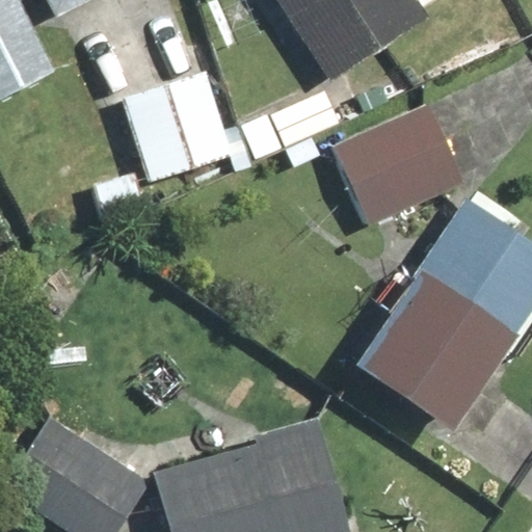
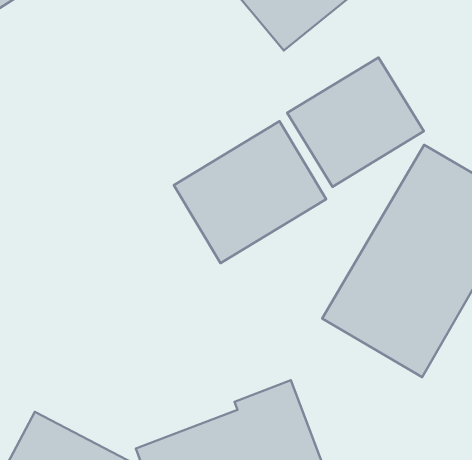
building: [94,70,239,224] -> none
building: none -> [174,121,326,263]

